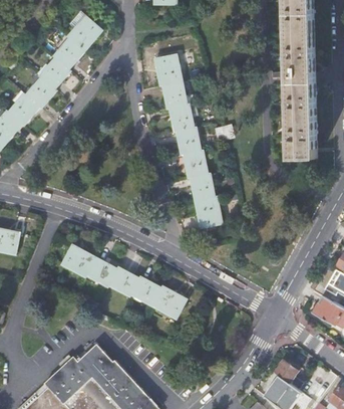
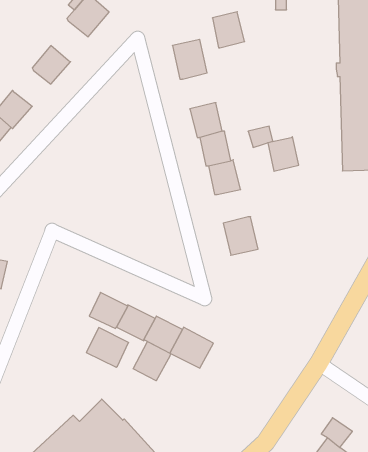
building: [54,37,85,69] -> none
building: [26,77,57,109] -> none
building: [161,79,188,109] -> [212,12,245,48]
building: [190,173,215,201] -> [268,137,299,171]
building: [61,245,95,277] -> [86,328,129,367]
building: none -> [133,342,171,381]

